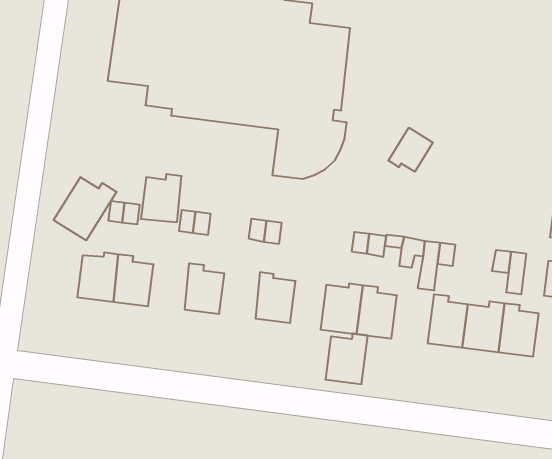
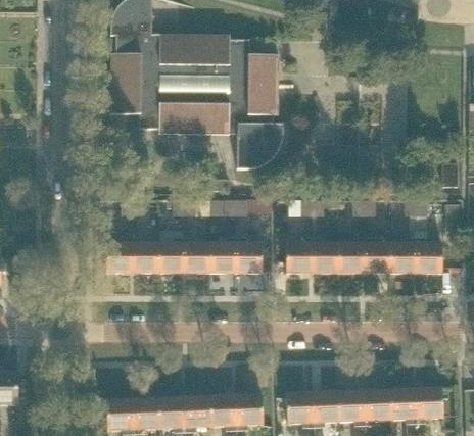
building: [388,128,433,172] -> none
building: [141,174,182,222] -> [159,238,186,273]
building: [54,177,117,240] -> none
building: none -> [211,238,238,272]
building: [325,333,368,384] -> [338,238,365,274]

